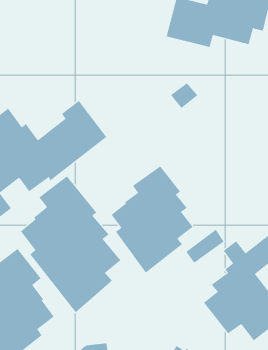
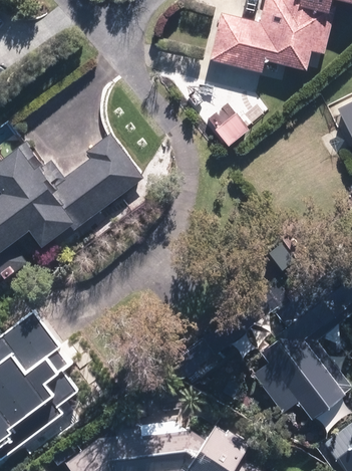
building: [111,165,193,274] -> none
building: [20,175,121,313] -> none

